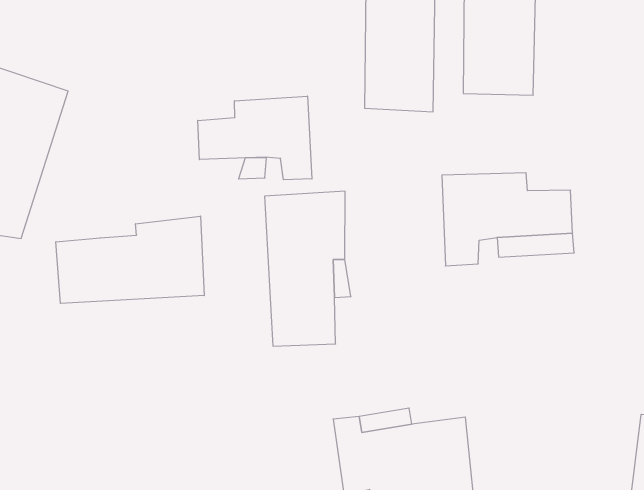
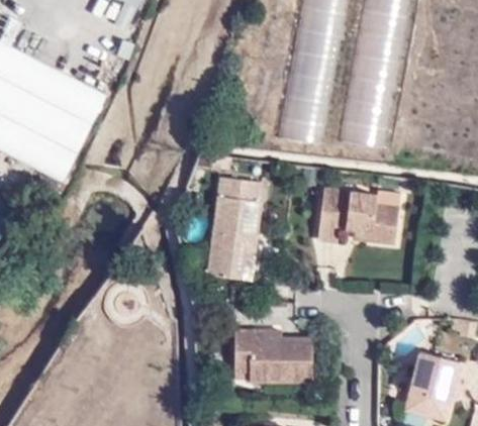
building: [198,96,312,180] -> none
building: [56,216,204,303] -> none

